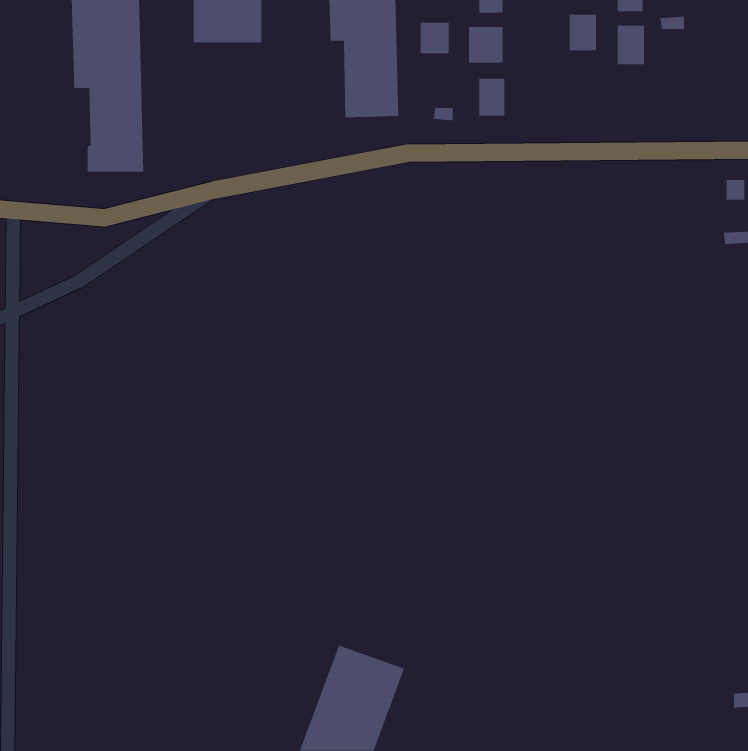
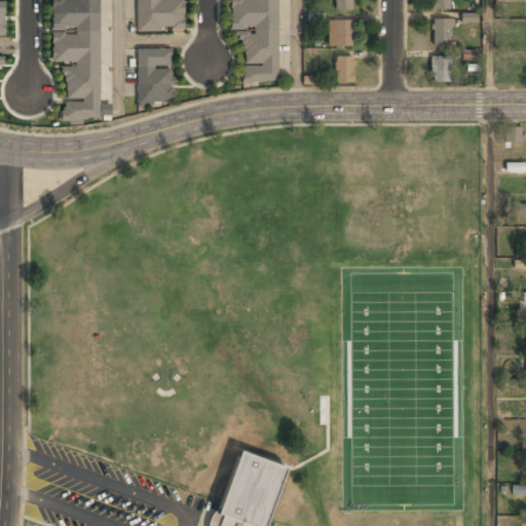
building: [569,14,597,51] -> [433,55,452,81]
building: [420,22,449,54] -> none
building: none -> [138,47,175,104]

